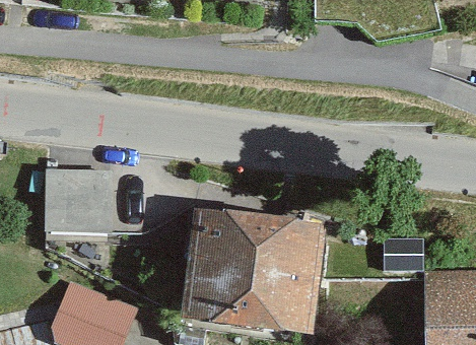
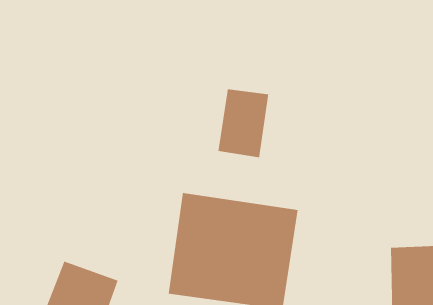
building: none -> [218,89,269,158]
building: [44,169,113,230] -> none

